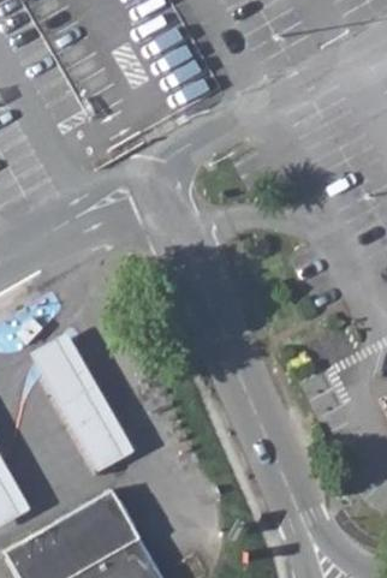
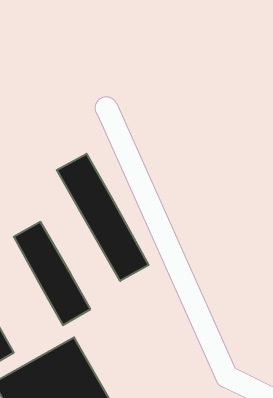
building: none -> [57,154,149,281]

